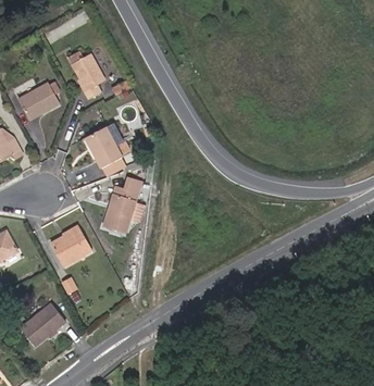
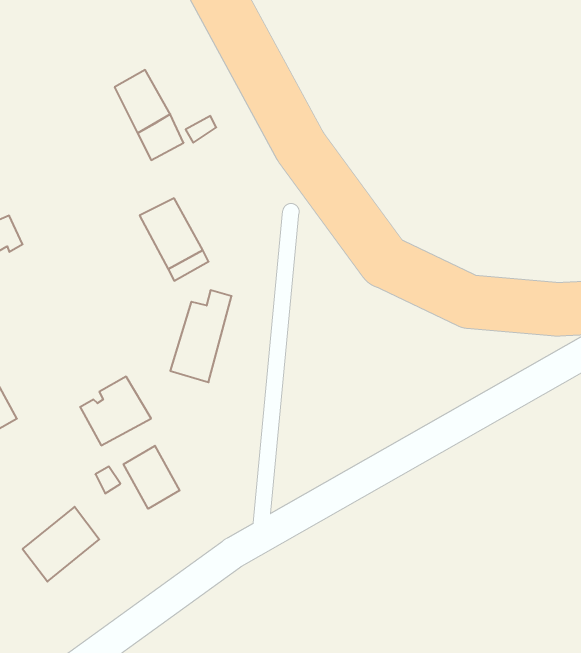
building: [18,83,59,119] -> none
building: none -> [124,446,180,509]

